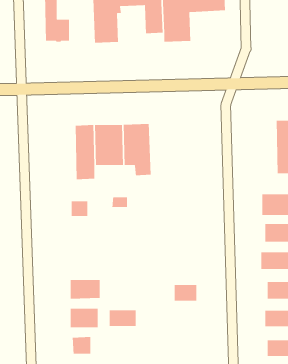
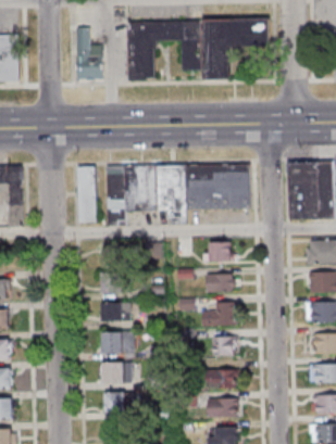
building: none -> [294,162,323,220]
building: none -> [77,165,95,221]
building: none -> [189,174,252,224]
building: none -> [206,242,235,262]
building: none -> [101,271,125,292]
building: none -> [207,274,235,291]
building: none -> [101,302,130,321]
building: none -> [203,302,236,326]
building: [109,310,136,327] -> [208,369,237,388]
building: none -> [208,398,239,417]

